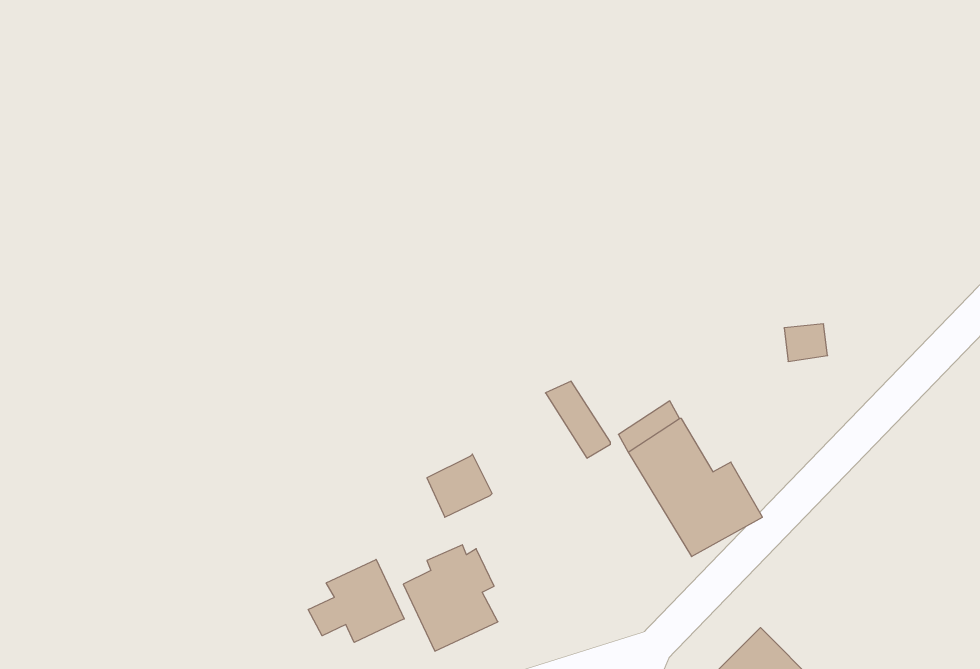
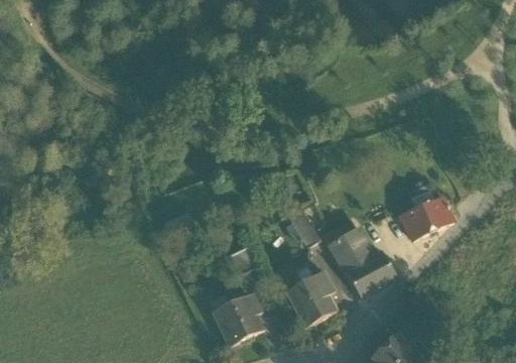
building: none -> [402,198,453,239]
building: none -> [281,268,338,330]
building: [308,559,404,642] -> none

